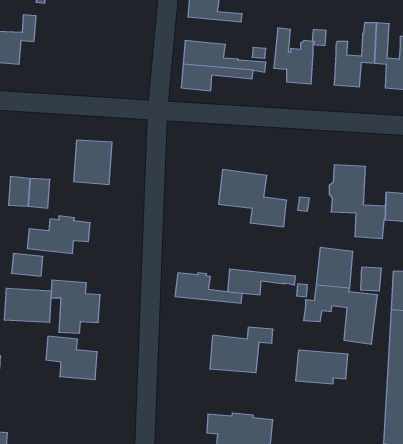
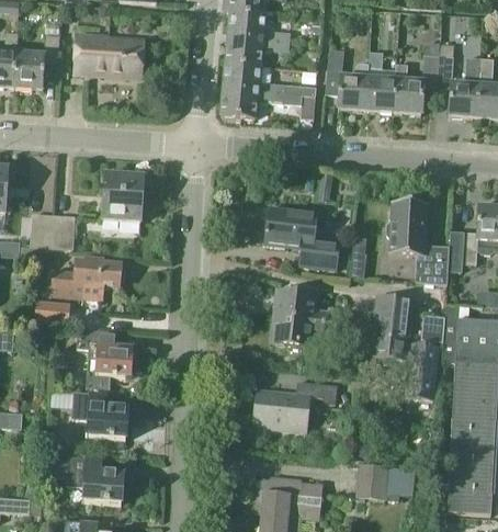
building: none -> [76,35,144,77]
building: none -> [227,35,290,65]
building: none -> [367,76,395,111]
building: [175,273,242,303] -> [276,290,351,324]
building: [5,288,51,322] -> none
building: [296,350,348,384] -> [358,462,416,499]
building: none -> [67,454,124,502]

